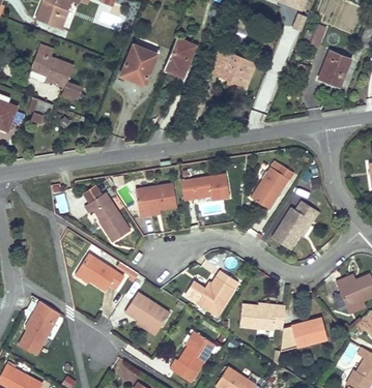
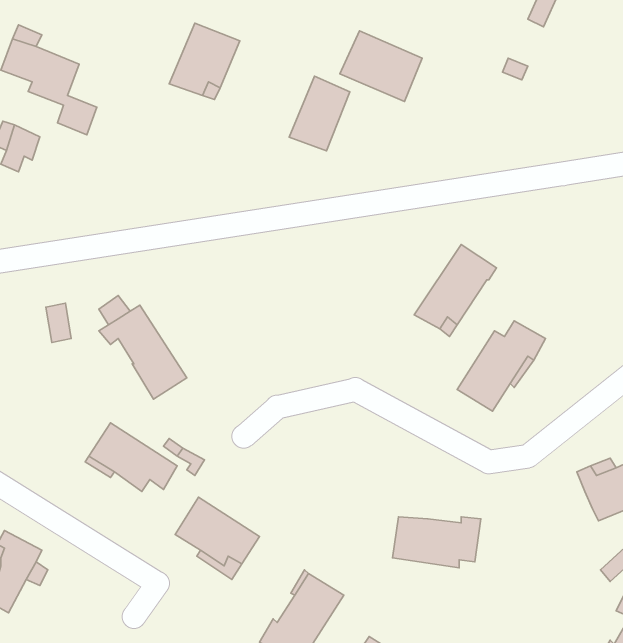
building: [165,36,197,76] -> [289,76,350,151]
building: [320,51,350,83] -> none
building: [181,174,230,201] -> none
building: [136,183,177,217] -> none
building: [185,270,238,316] -> none
building: [281,318,328,351] -> none

